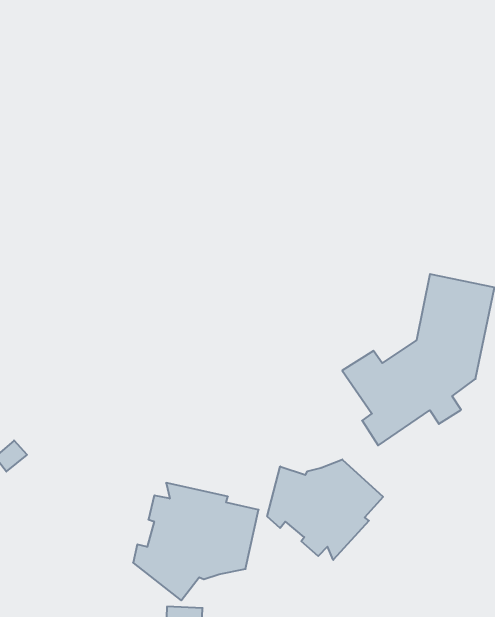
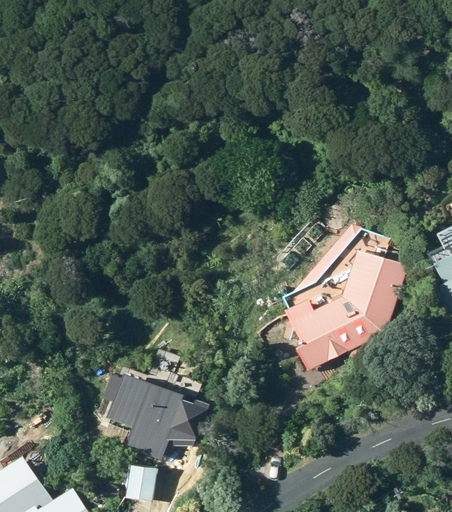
building: [267,459,383,560] -> none

